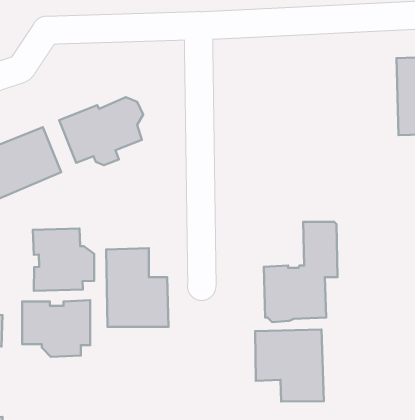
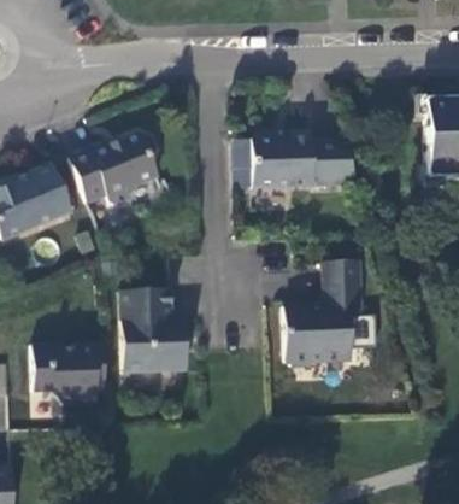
building: none -> [253,133,365,189]
building: [33,229,94,291] -> none
building: [255,330,324,401] -> none

